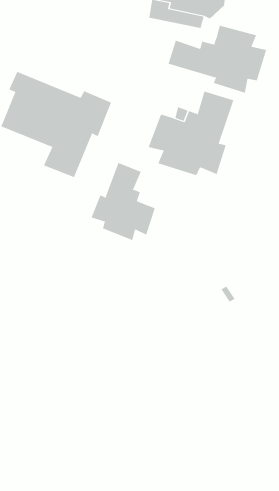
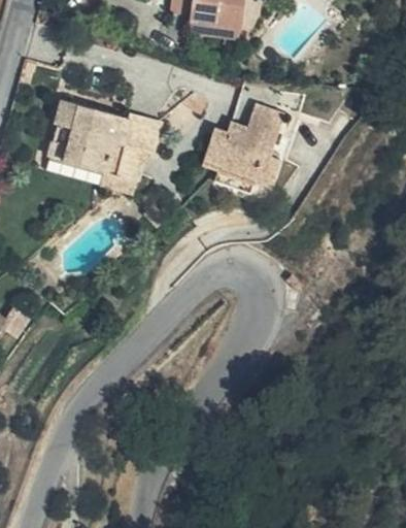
building: [168,25,267,93] -> none
building: [91,162,156,241] -> none

